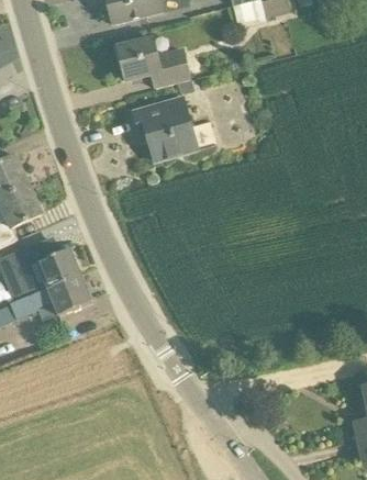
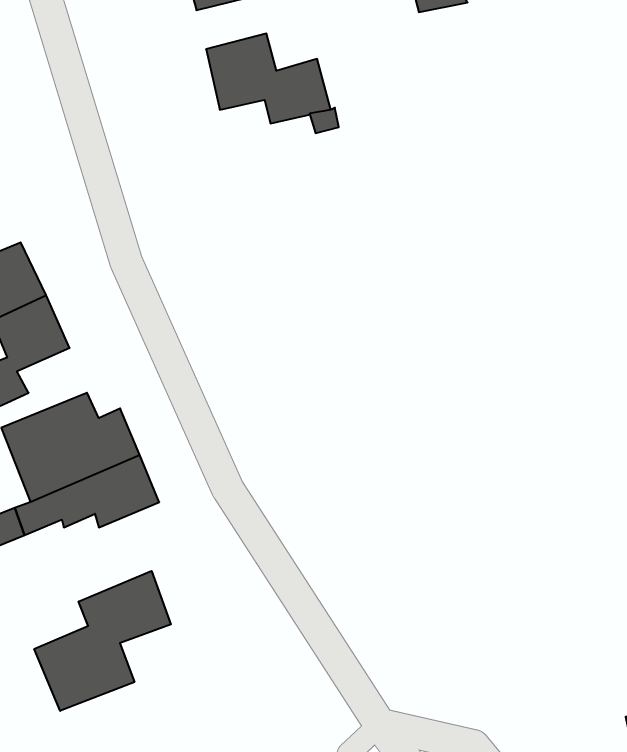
building: [133,98,196,159] -> none
building: none -> [34,571,171,711]

